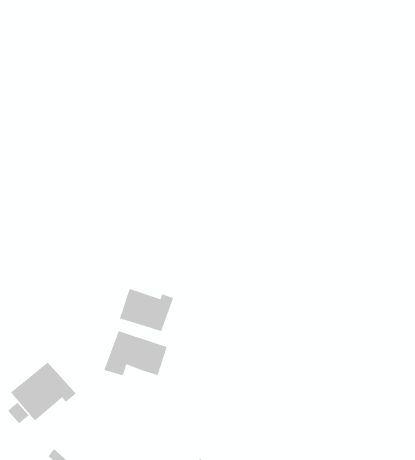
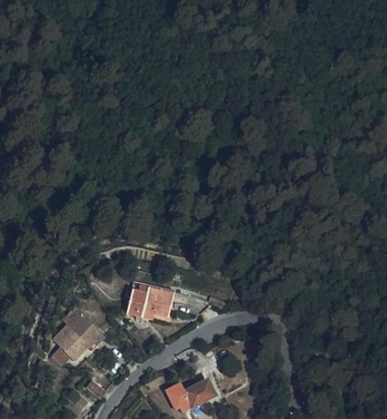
building: [119,288,174,332] -> none

